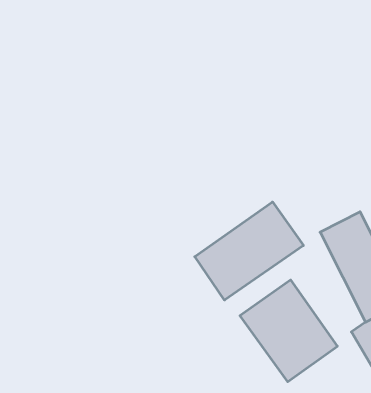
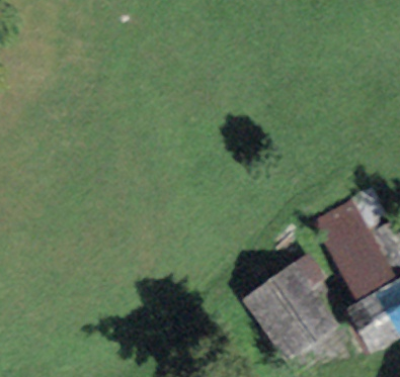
building: [195,202,303,300] -> none

